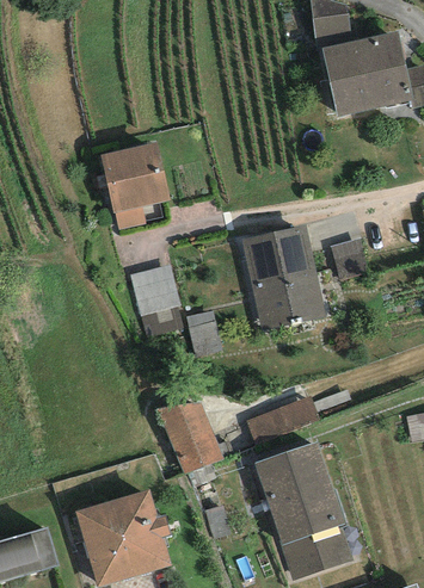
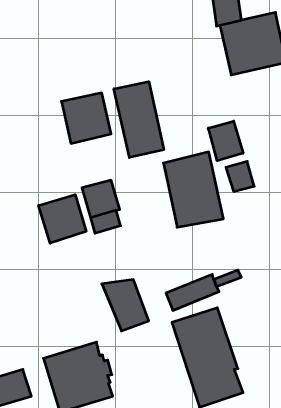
building: none -> [114,82,164,158]
building: none -> [208,121,243,161]
building: none -> [39,195,86,243]
building: [186,310,221,358] -> none

